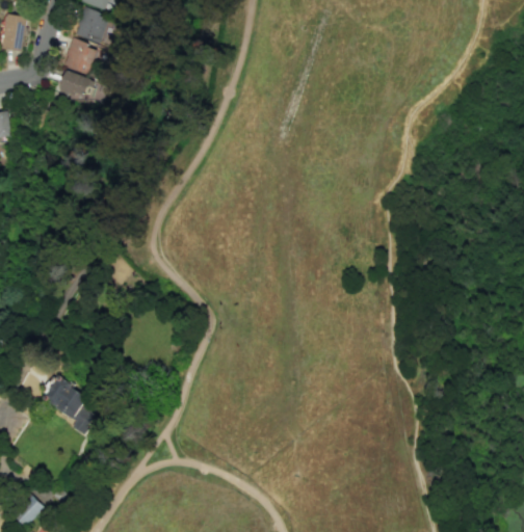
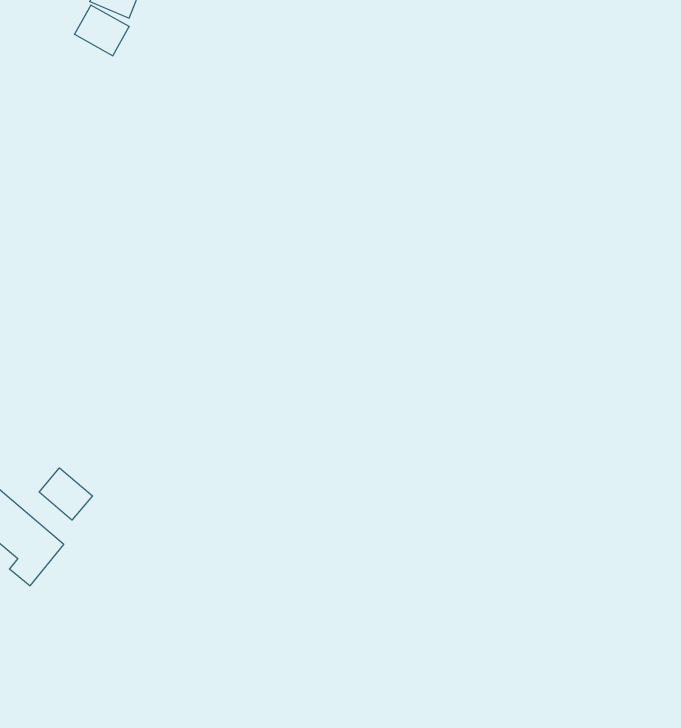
building: none -> [39,468,92,520]

